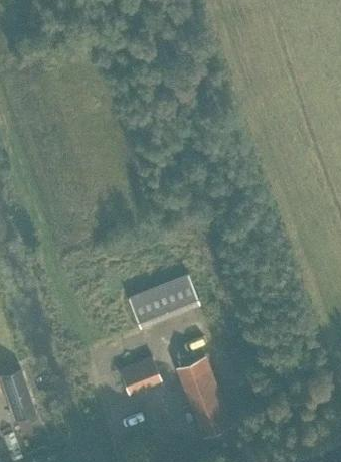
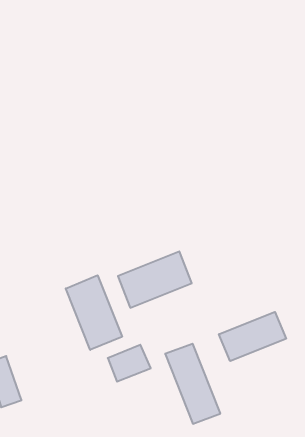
building: none -> [66,275,122,350]
building: none -> [219,312,286,361]

